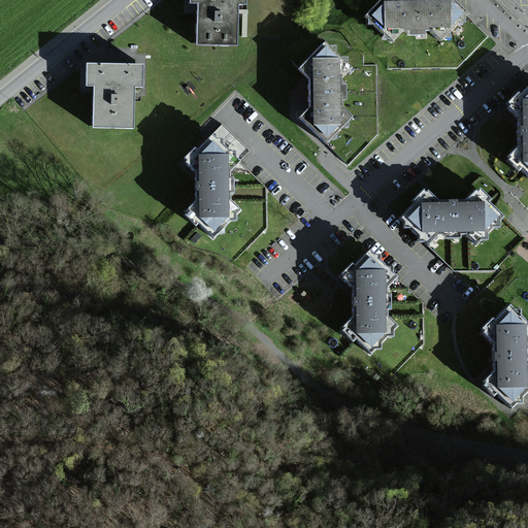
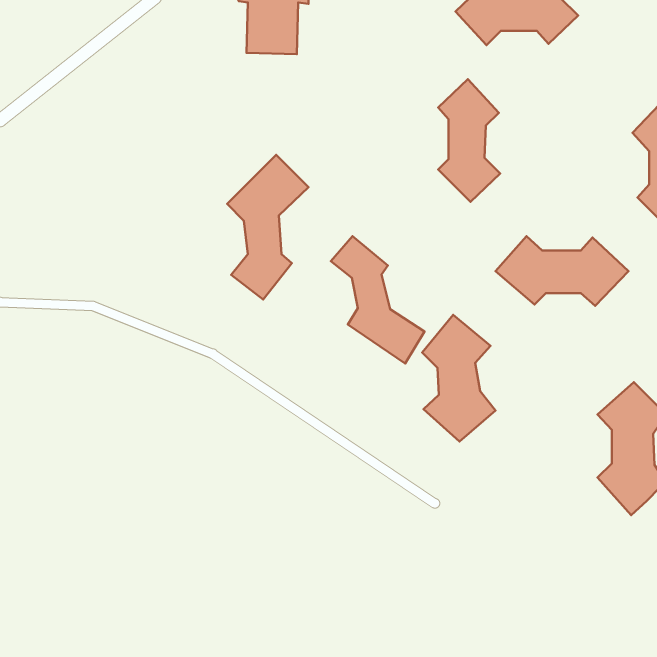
building: [300,39,350,137] -> [438,79,500,202]
building: [89,61,144,126] -> none
building: none -> [331,236,425,363]

